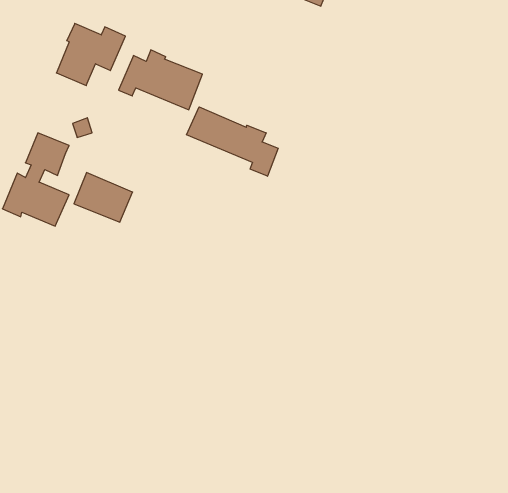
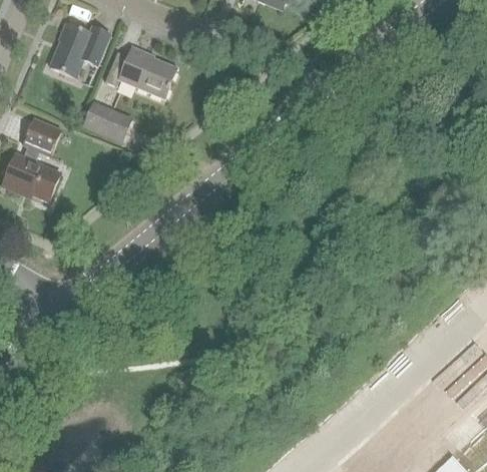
building: [186,107,278,176] -> none
building: [74,173,133,222] -> [82,99,133,142]

